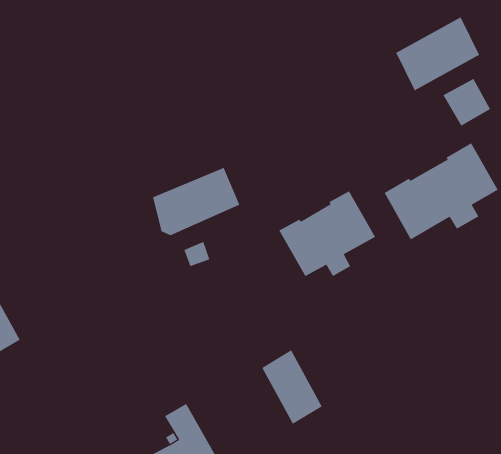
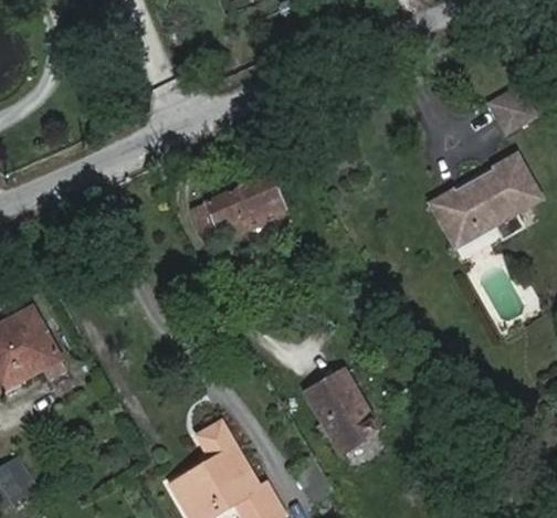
building: [395,16,480,91] -> none
building: [279,190,376,277] -> none

